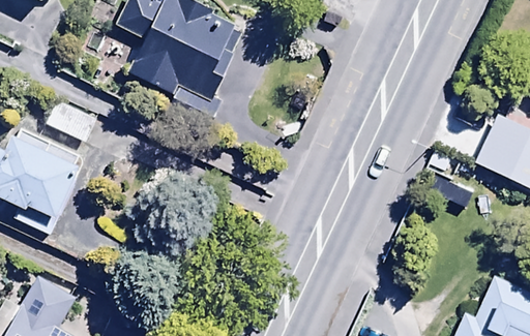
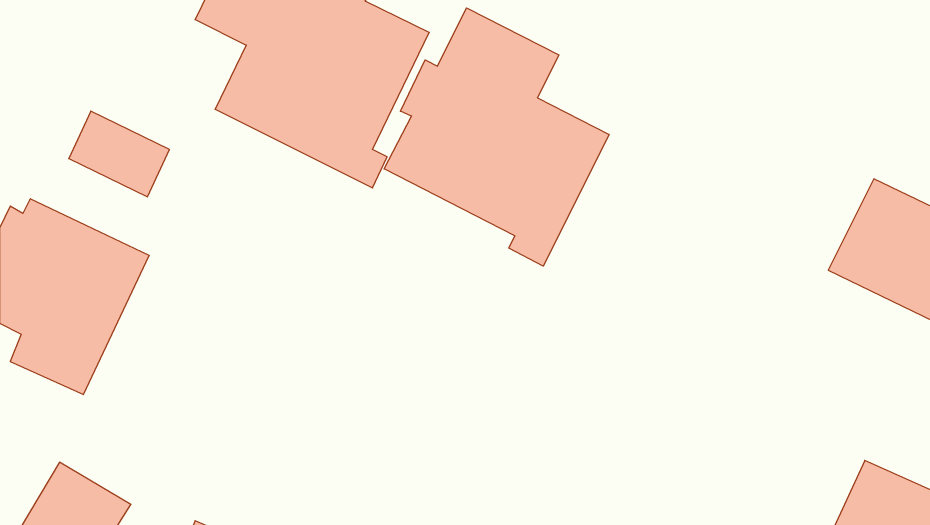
building: none -> [384,8,609,266]

